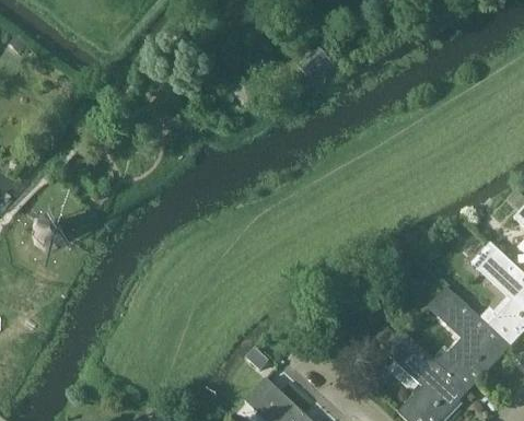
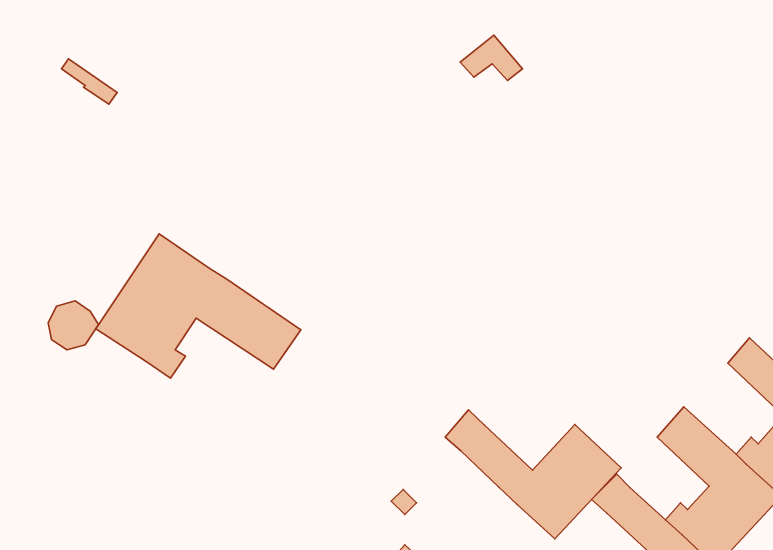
building: none -> [96,234,301,378]
building: none -> [445,410,621,539]

